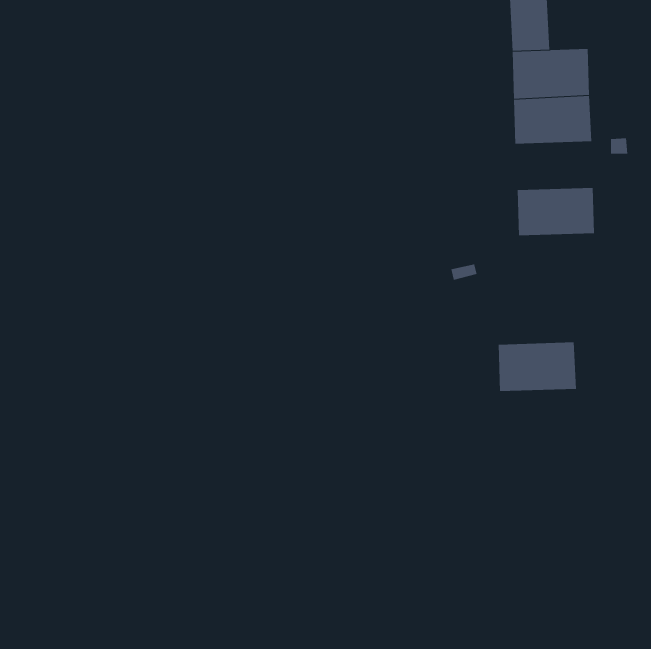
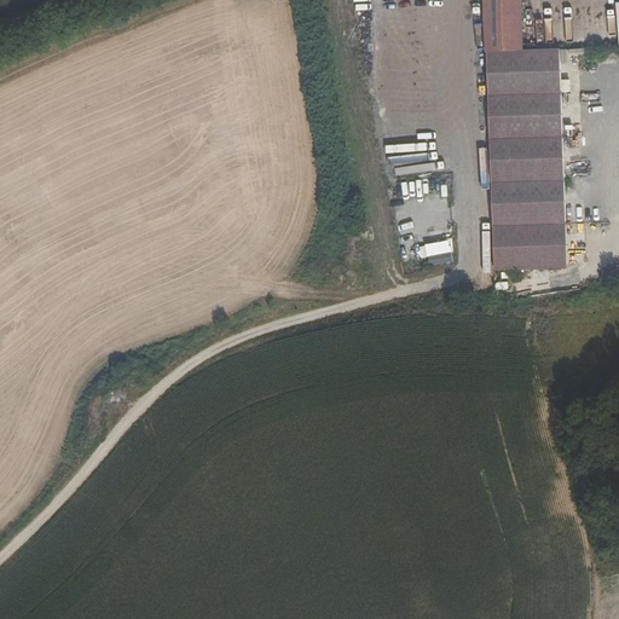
building: none -> [487,134,562,180]
building: [498,342,577,392] -> [491,221,566,268]

